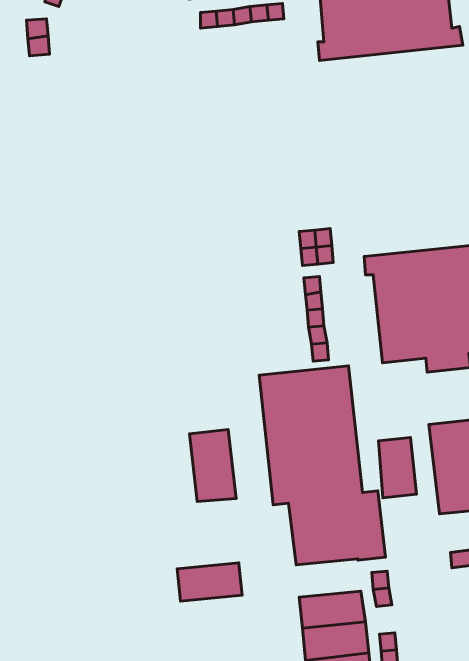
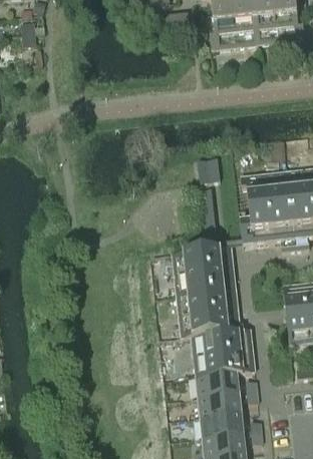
building: [189,429,236,501] -> none
building: [378,437,417,498] -> none
building: [177,563,242,601] -> [196,373,238,398]

